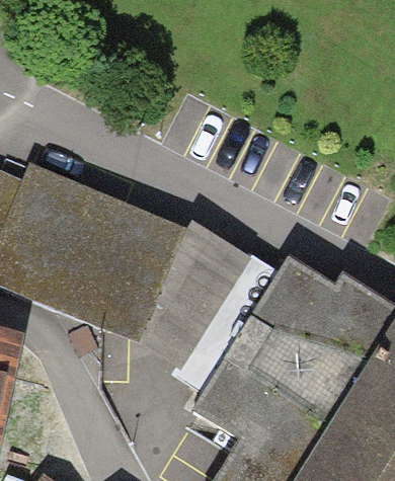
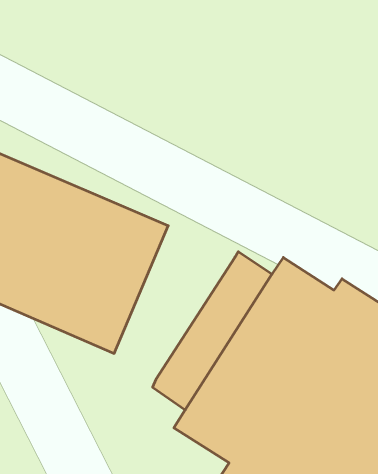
building: [139,222,247,368] -> none

